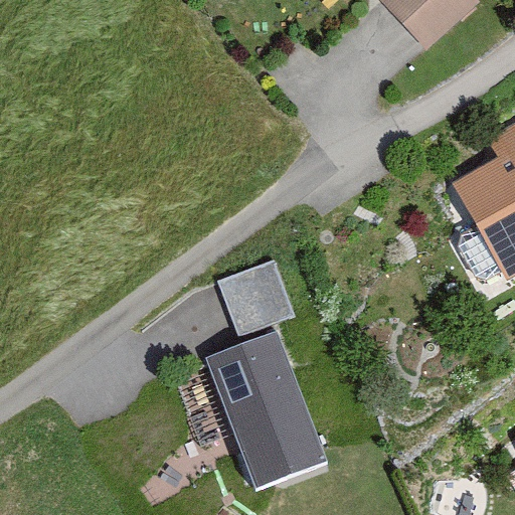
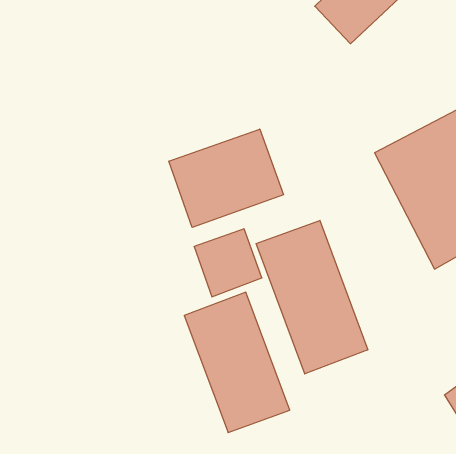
building: none -> [169,129,284,227]
building: none -> [256,220,368,374]

